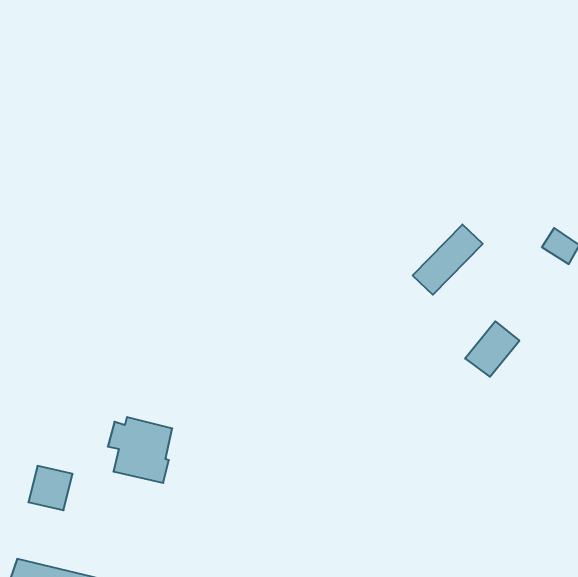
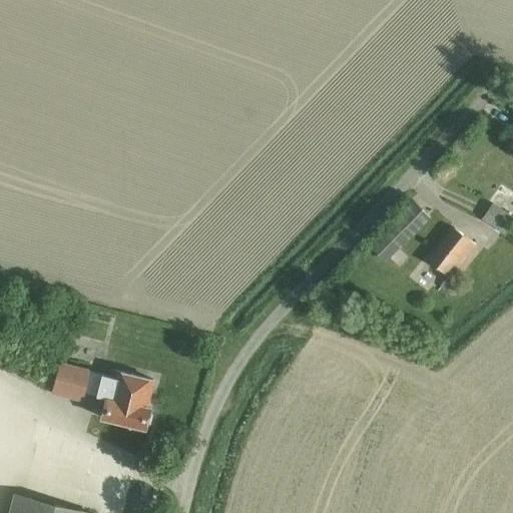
building: [465,321,519,377] -> [428,229,476,279]
building: [28,466,73,510] -> [49,364,88,403]

